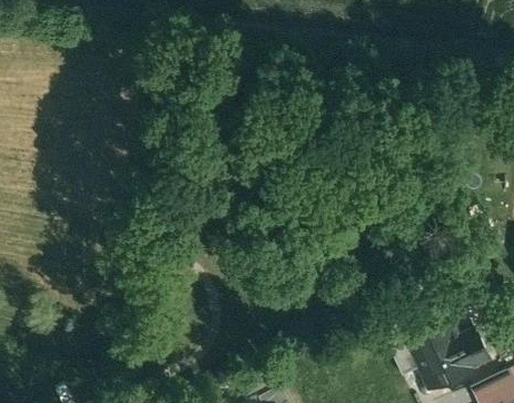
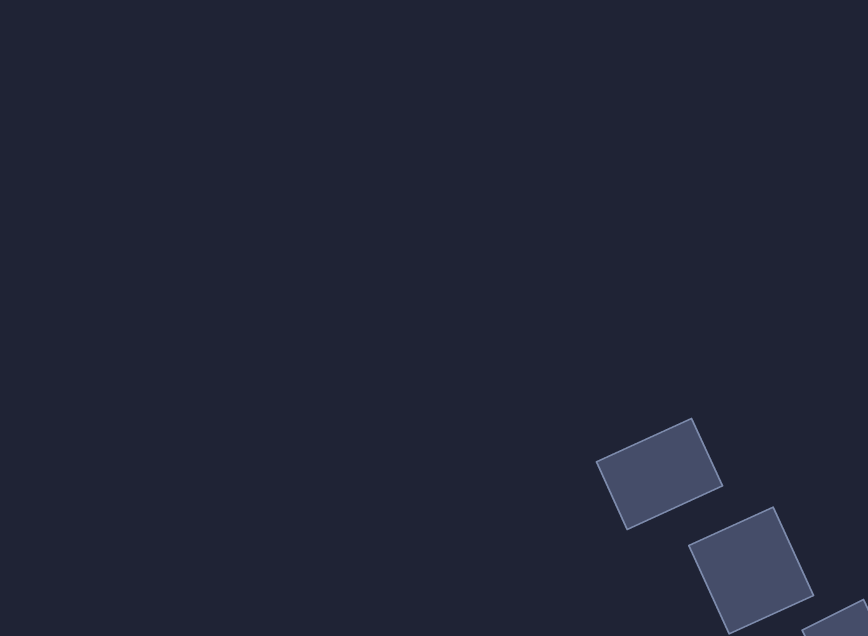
building: none -> [596,418,722,529]

